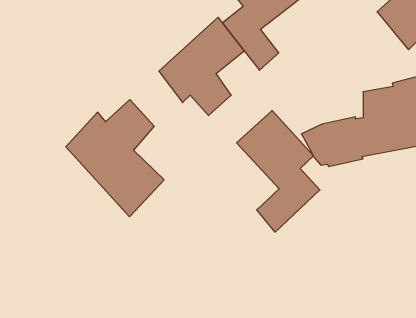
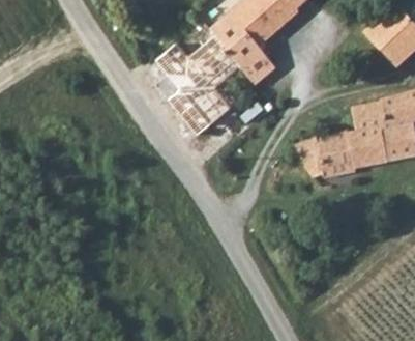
building: [66,100,164,217] -> none
building: [237,110,320,232] -> none

